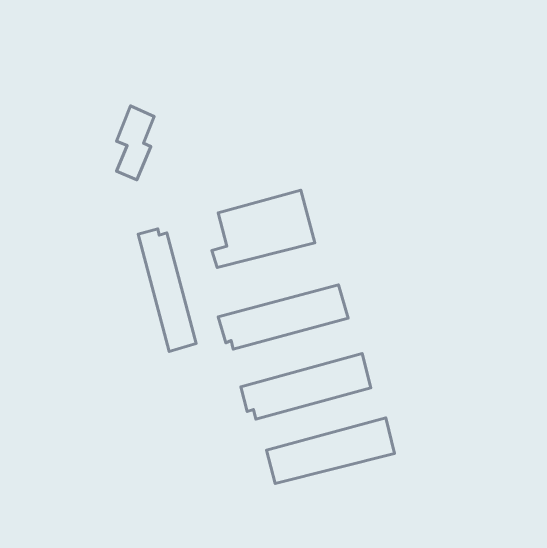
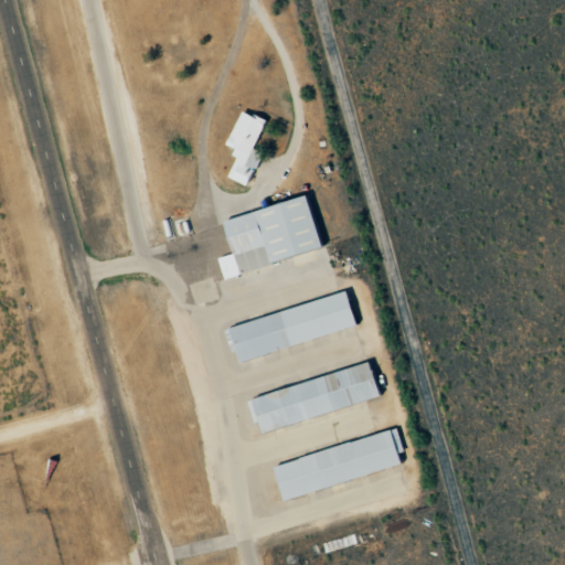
building: [117,106,154,180] -> [226,108,265,184]
building: [138,229,196,351] -> none

